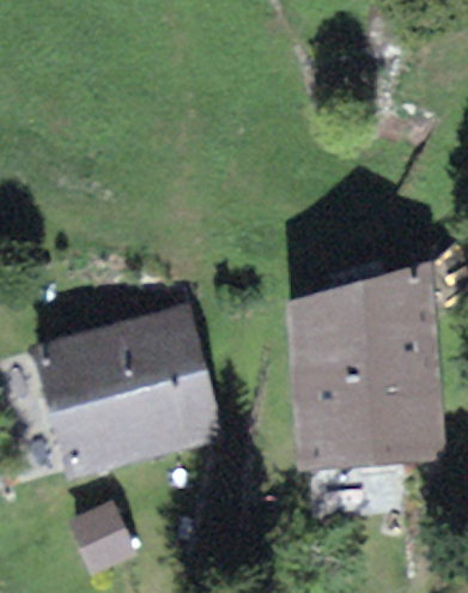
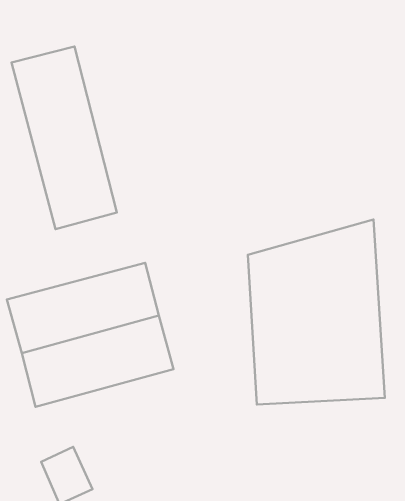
building: none -> [12,47,117,229]

